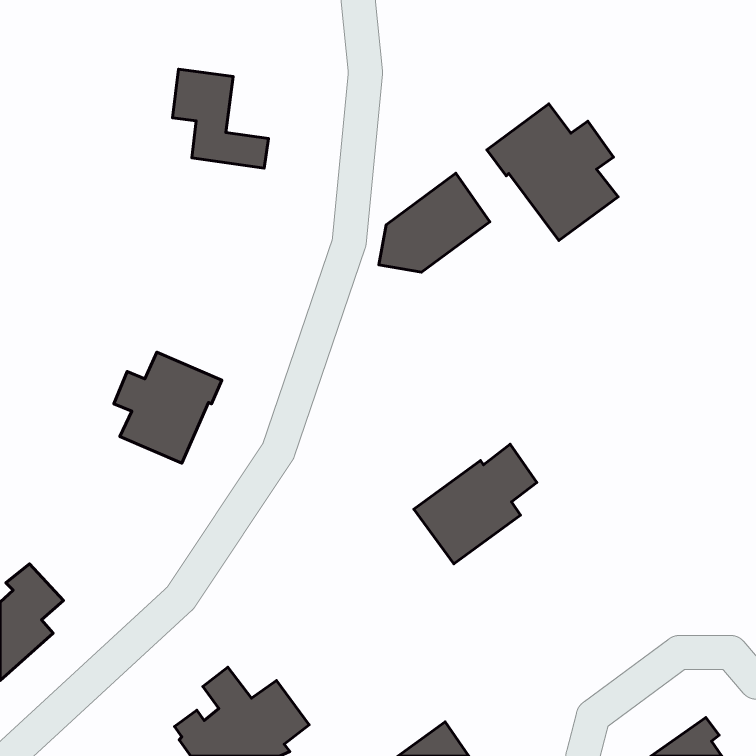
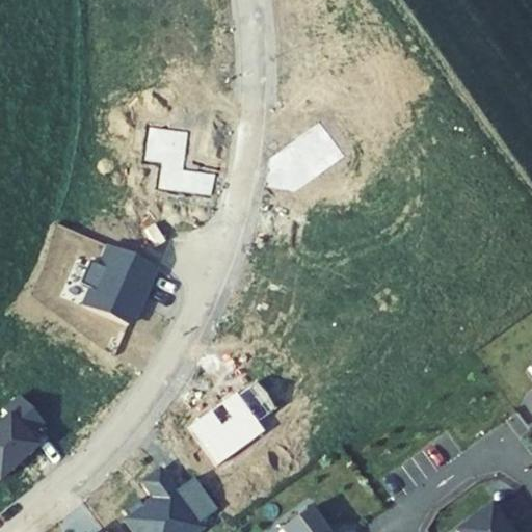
building: [172,69,269,168] -> [145,126,213,195]
building: [487,104,618,240] -> none
building: [414,444,537,564] -> [189,382,275,467]

